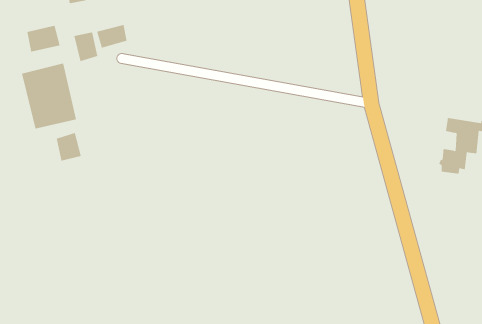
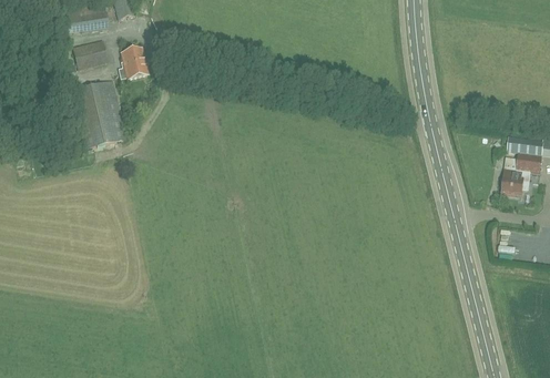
building: [97,24,127,48] -> none
building: [56,132,82,161] -> none

